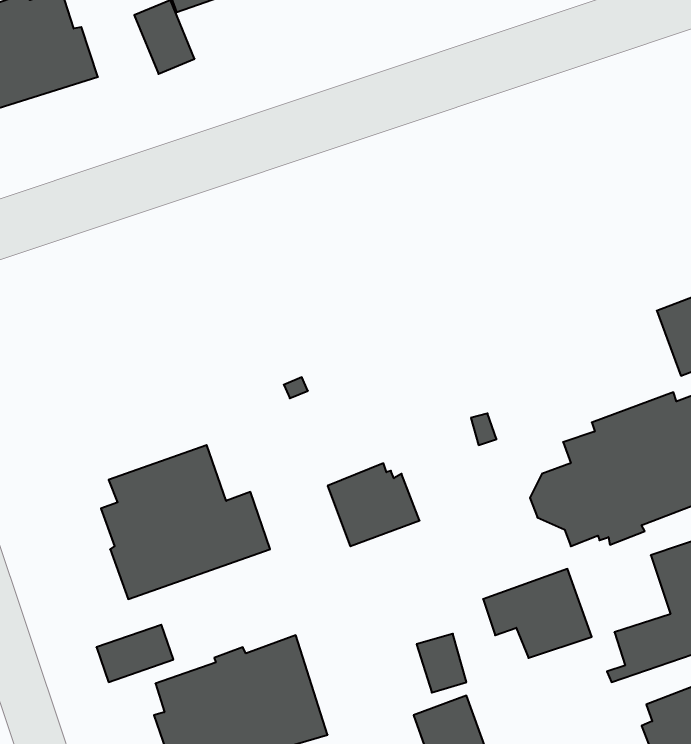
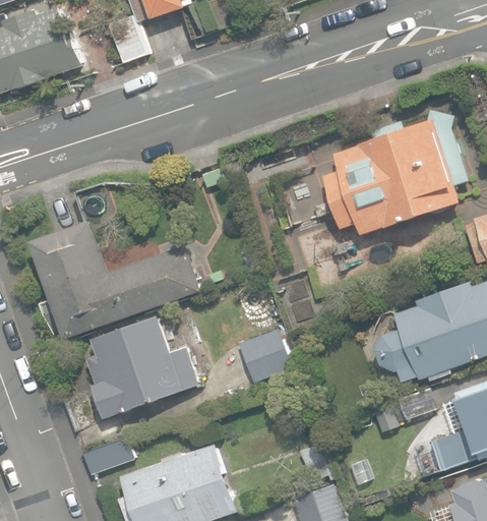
building: none -> [323,109,469,236]
building: none -> [29,221,199,339]

